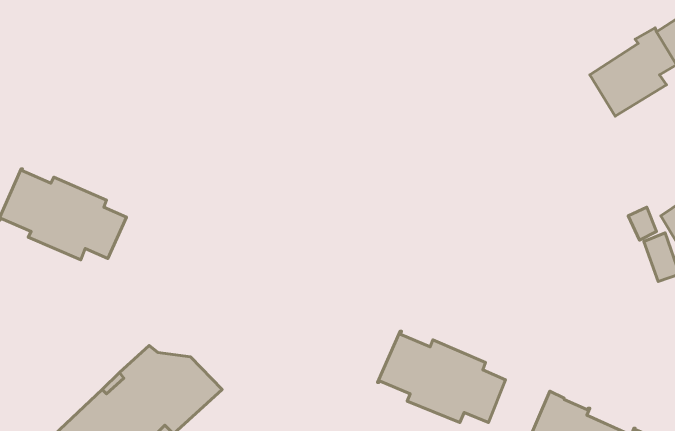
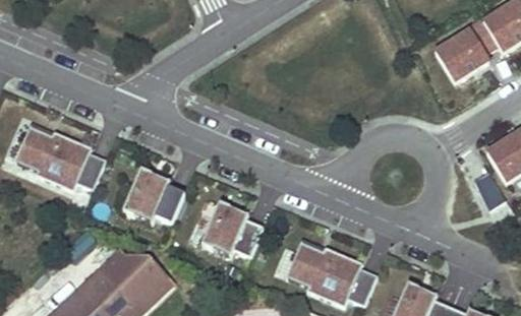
building: none -> [123,169,184,223]
building: none -> [201,202,263,257]

